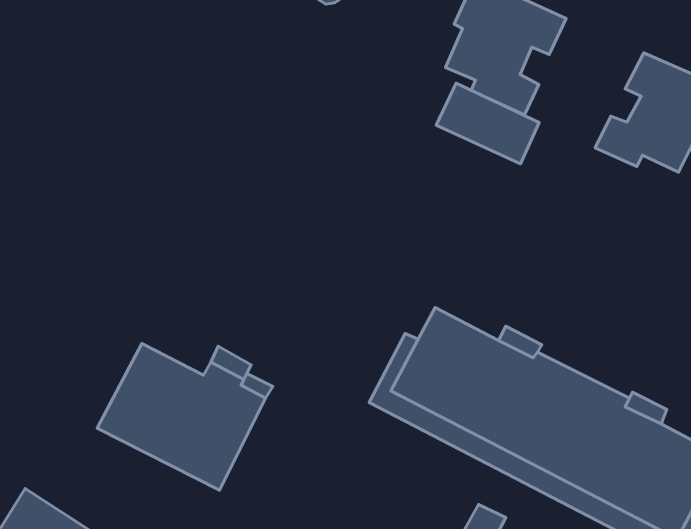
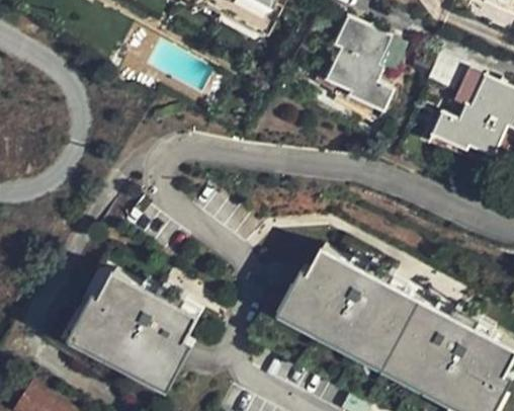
building: [436,83,539,164] -> none
building: none -> [60,266,200,398]

